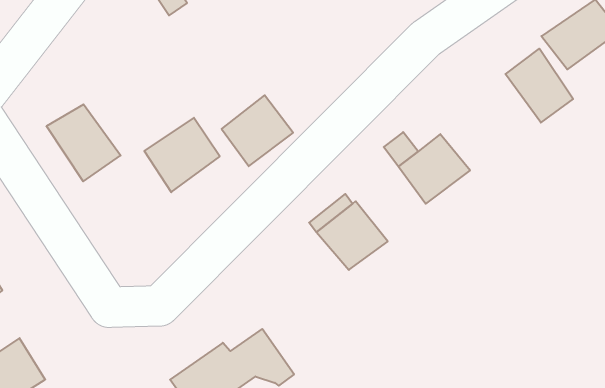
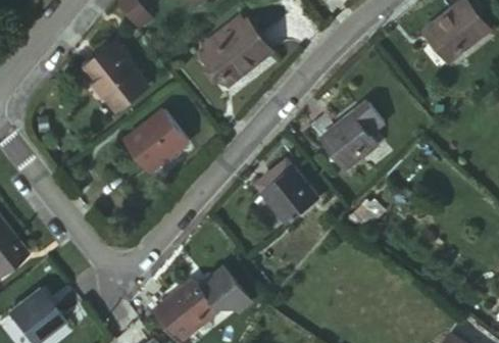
building: [505,49,573,123] -> none
building: [222,95,293,166] -> [210,25,265,80]
building: [46,104,121,181] -> [86,44,144,103]

